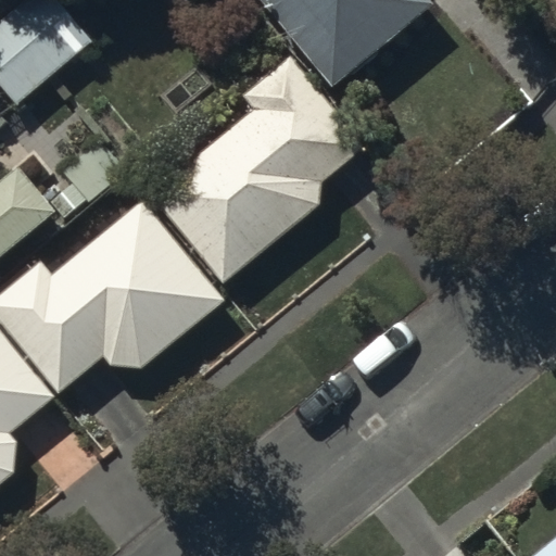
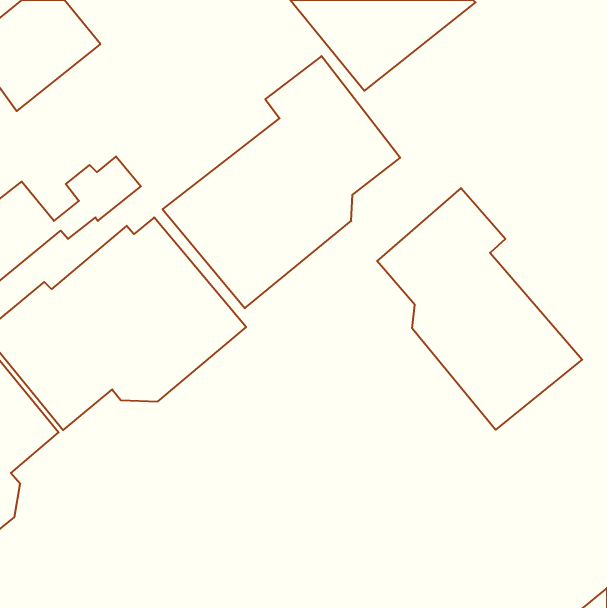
building: none -> [377,188,582,430]

